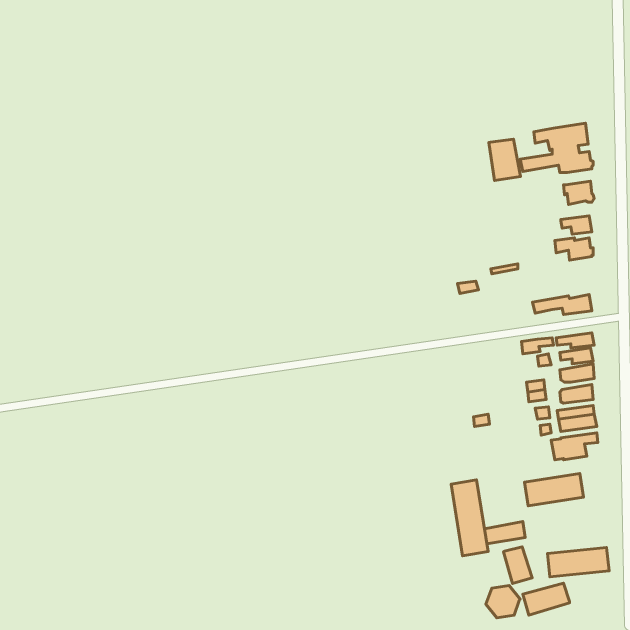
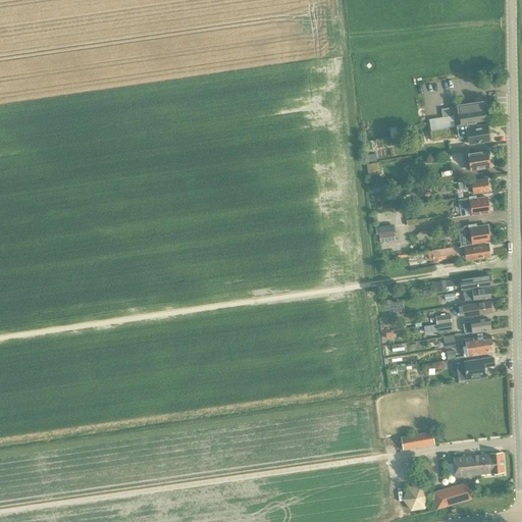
building: [489,139,520,180] -> none
building: none -> [463,224,491,245]
building: [524,474,584,506] -> none
building: [451,480,488,556] -> none
building: [503,547,532,584] -> none

